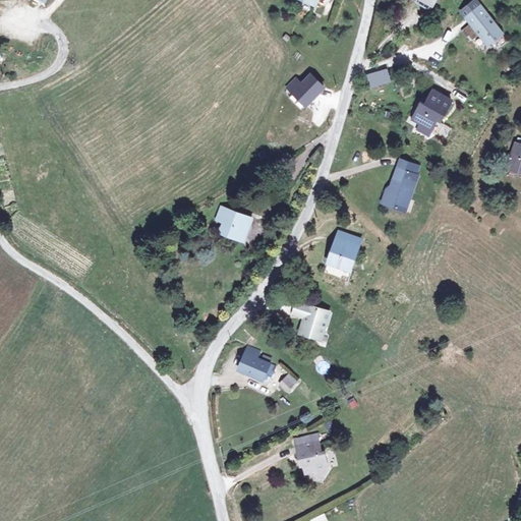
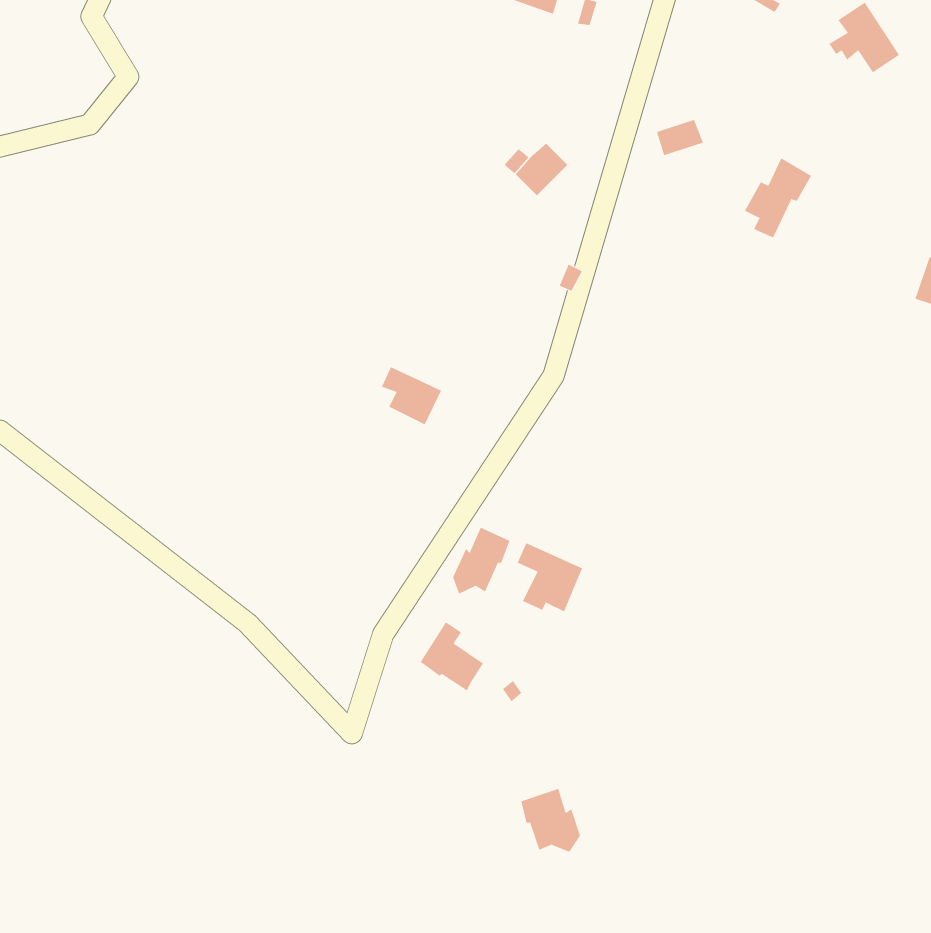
building: [388,161,420,210] -> none
building: [323,232,359,272] -> none
building: none -> [453,527,510,594]

